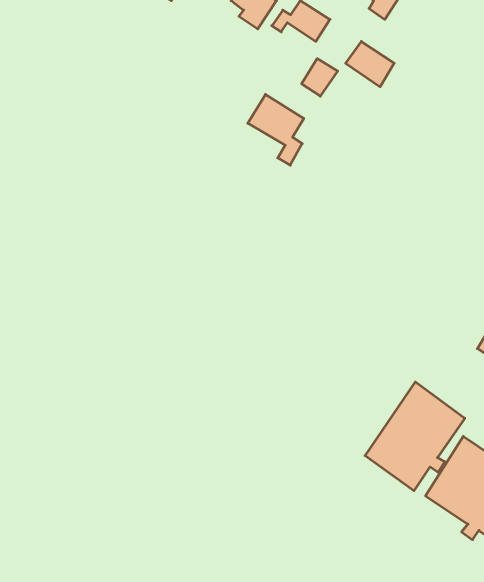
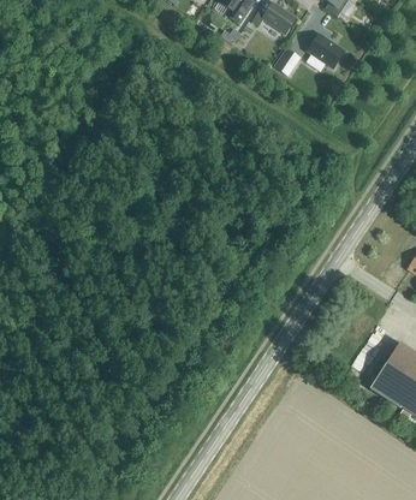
building: [248,94,304,165] -> none
building: [365,382,465,491] -> none

